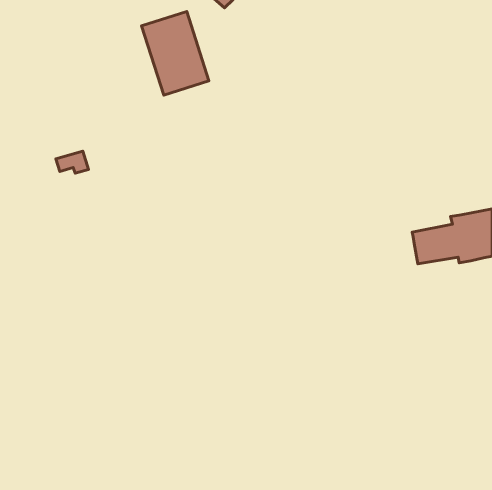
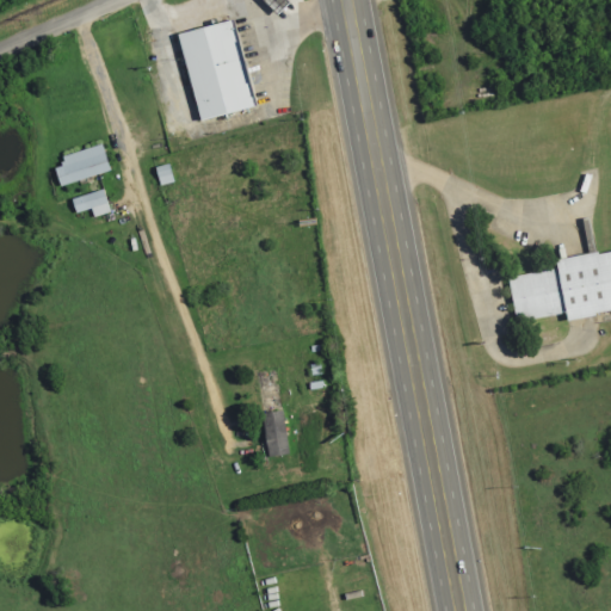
building: none -> [48,141,106,184]
building: none -> [264,409,290,452]

